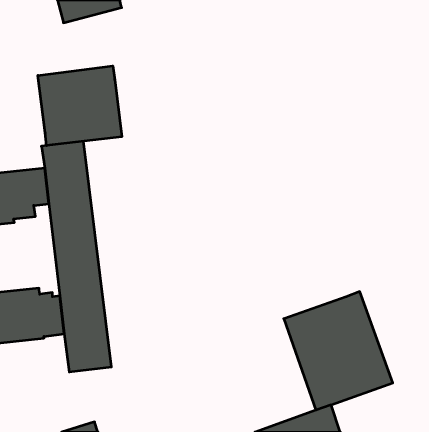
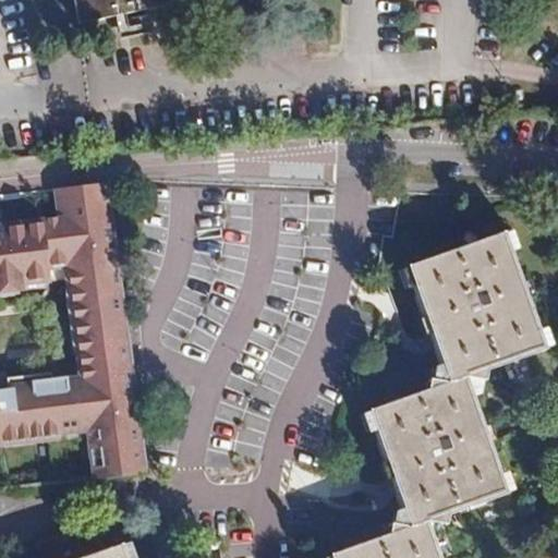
building: [38,66,122,146] -> none
building: none -> [405,232,545,383]

